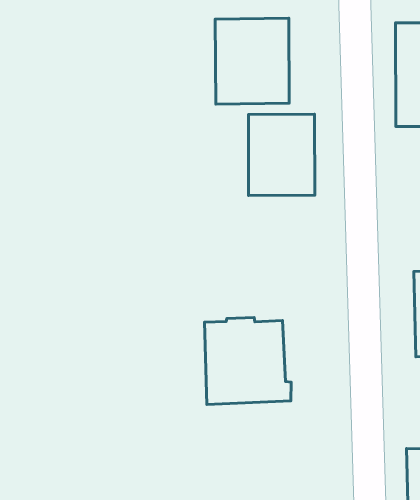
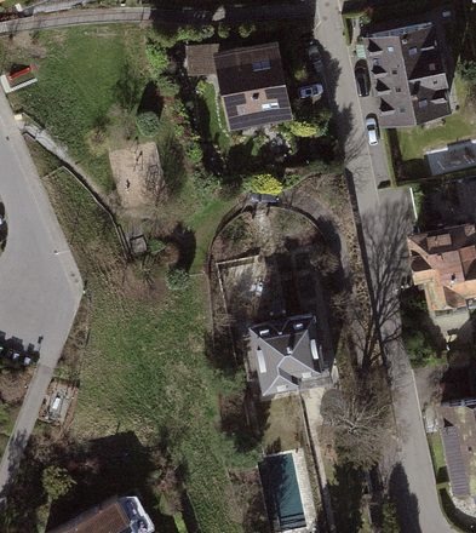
building: [248,114,315,196] -> none

